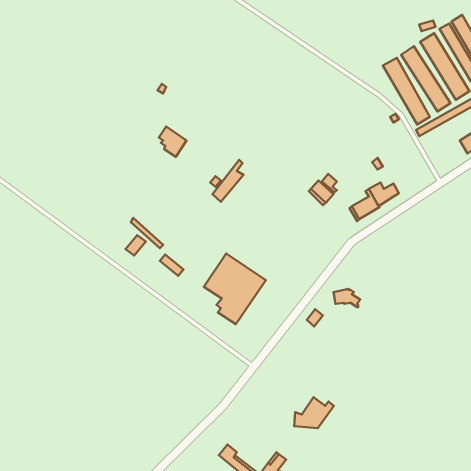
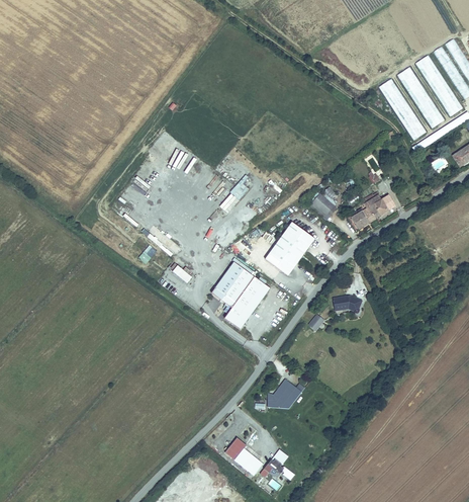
building: none -> [265,221,314,275]
building: [294,397,334,428] -> [267,379,304,408]

